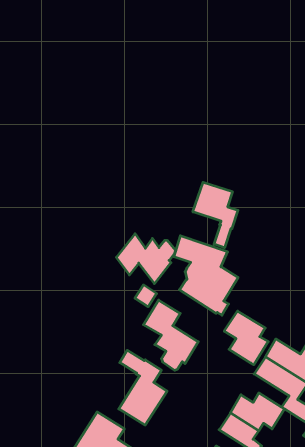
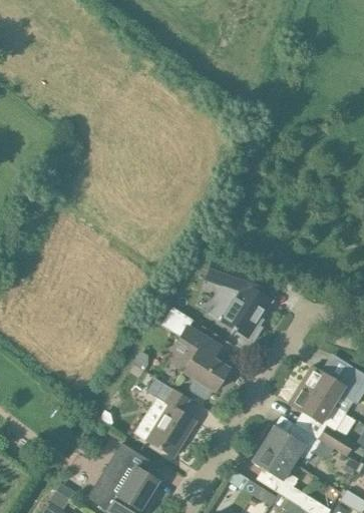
building: [193,182,238,248] -> none
building: [116,234,175,284] -> none
building: [224,311,268,365] -> none

